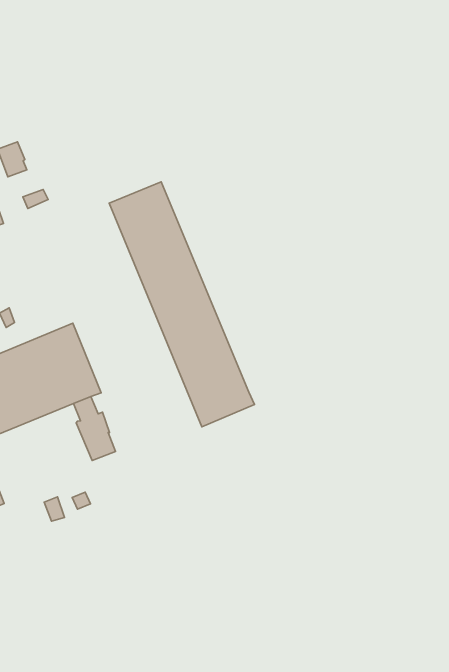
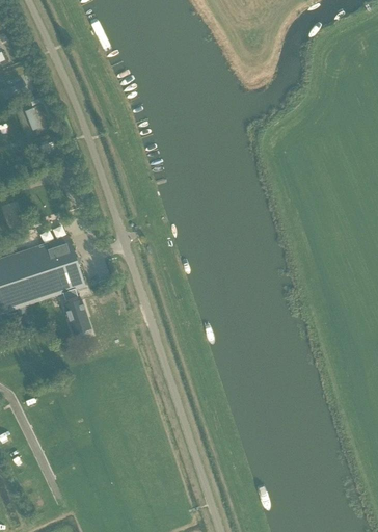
building: [109,182,254,427] -> none

